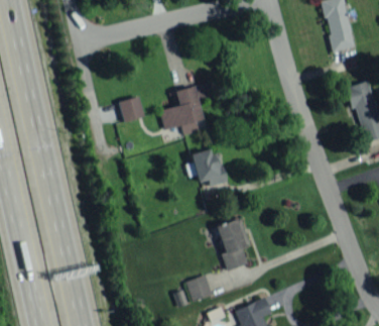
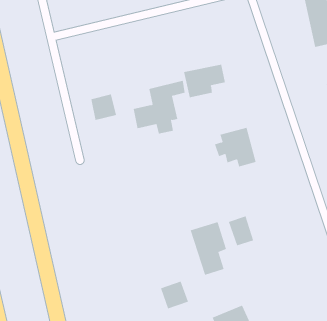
building: none -> [183,64,226,98]
building: [186,148,227,187] -> [214,127,257,167]
building: none -> [228,216,254,246]

